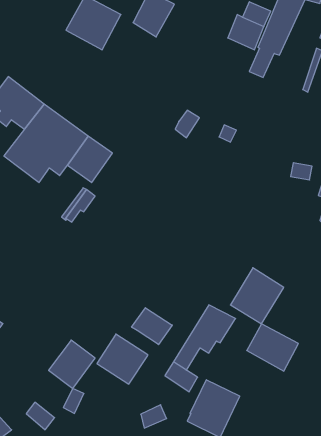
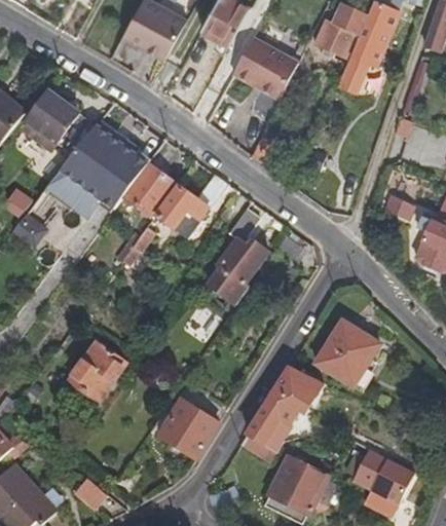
building: none -> [232,37,297,99]
building: none -> [156,173,227,238]
building: none -> [206,204,269,307]
building: [132,308,172,345] -> none
building: [247,324,298,371] -> [354,446,415,502]
building: [49,340,95,388] -> [70,341,125,399]

